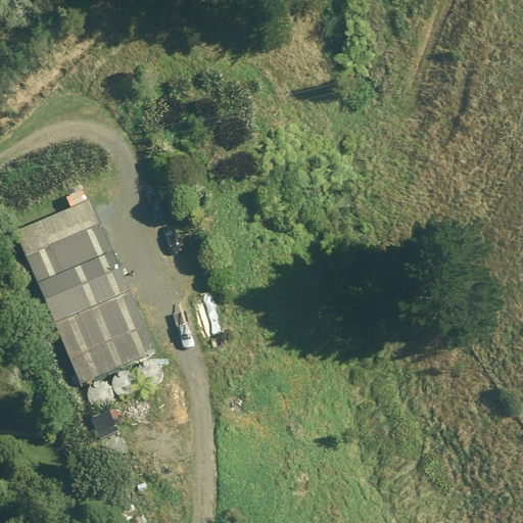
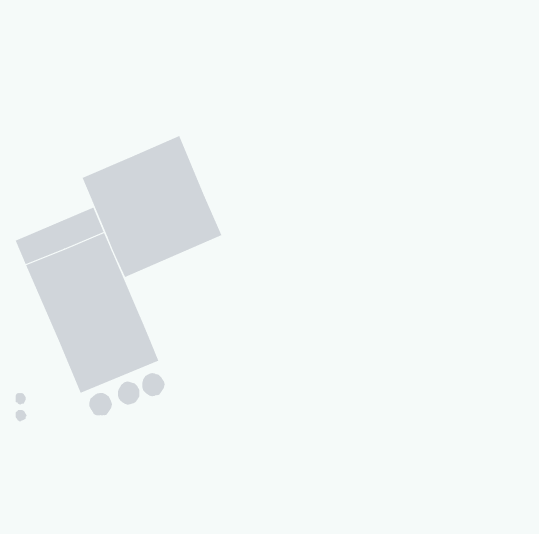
building: none -> [82,135,222,278]

